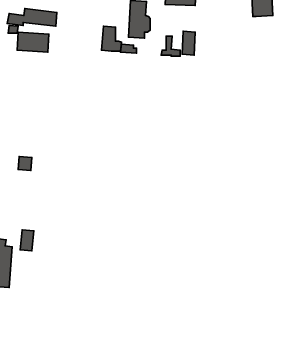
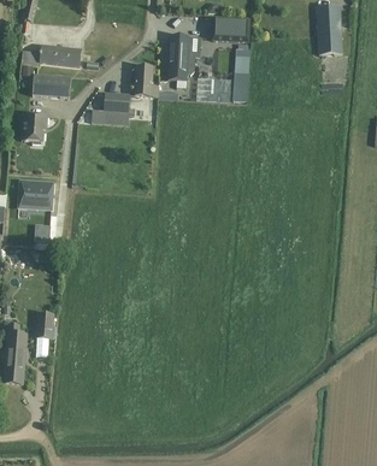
building: none -> [104,93,129,124]
building: none -> [22,113,47,144]
building: none -> [18,179,54,211]

